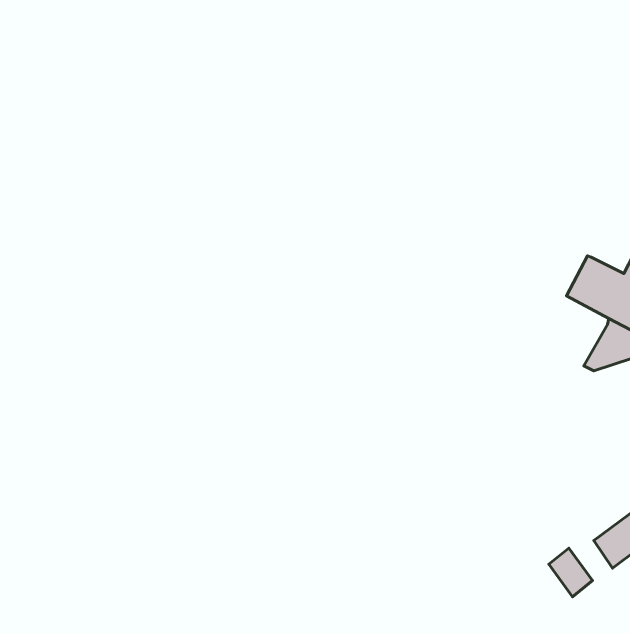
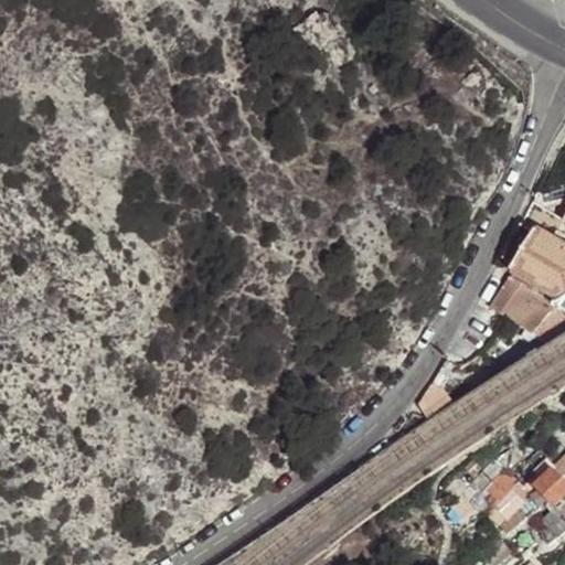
building: none -> [495,273,544,323]

